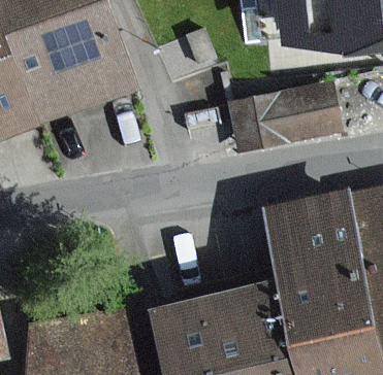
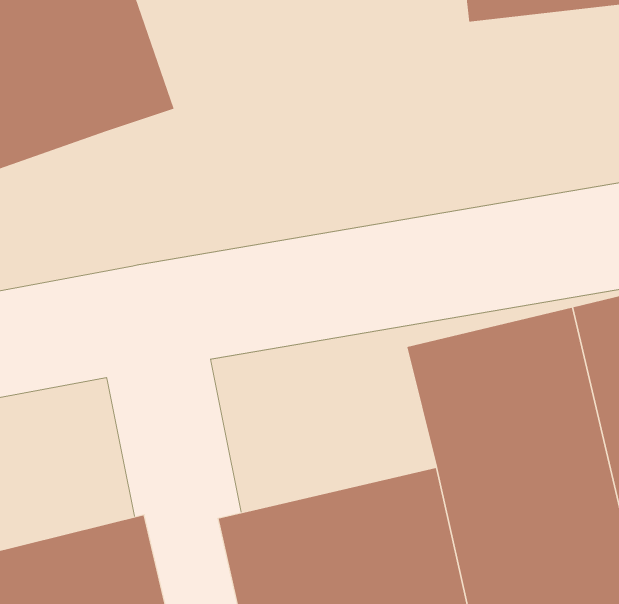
building: [233,88,337,148] -> none

